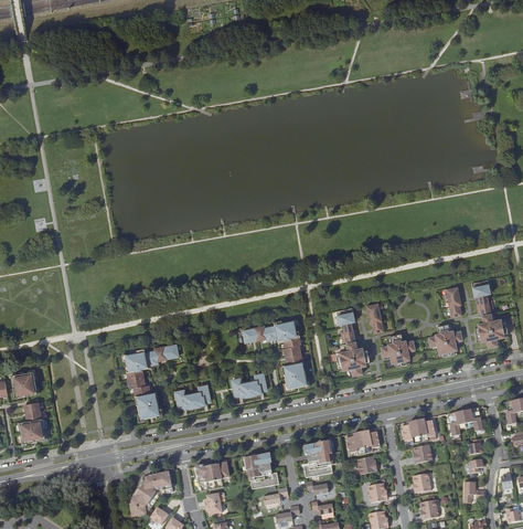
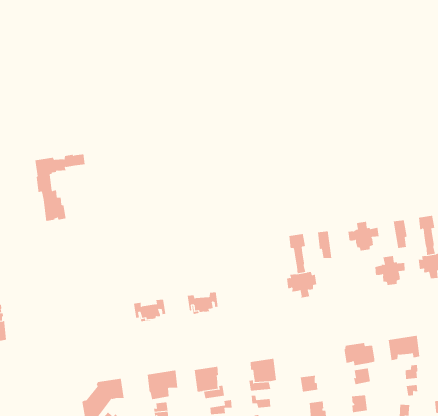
building: [243,319,308,389] -> none
building: [382,335,416,367] -> [347,221,380,251]
building: [125,345,179,419] -> [35,154,86,221]
building: [346,429,381,455] -> none

